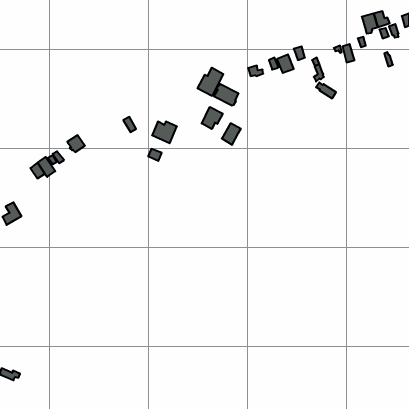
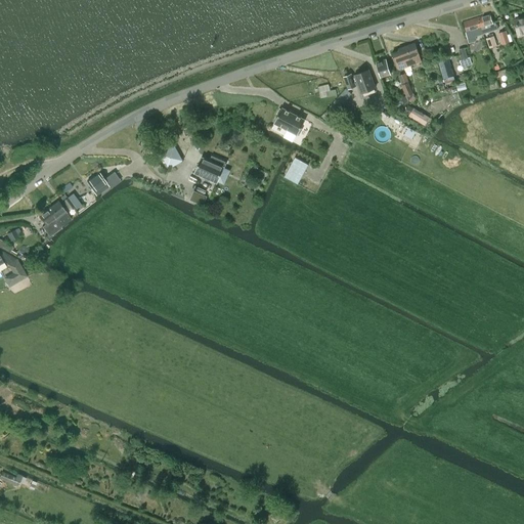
building: none -> [392,43,421,70]
building: [198,68,223,96] -> none
building: [202,107,223,129] -> none

